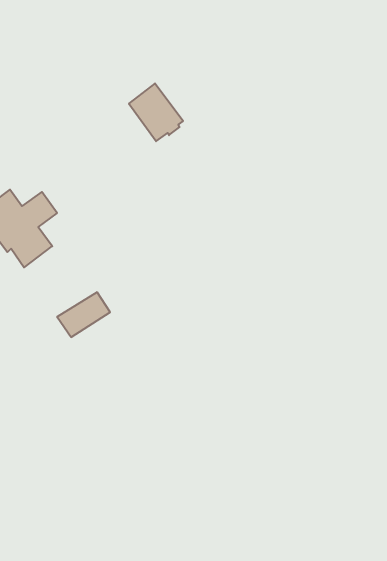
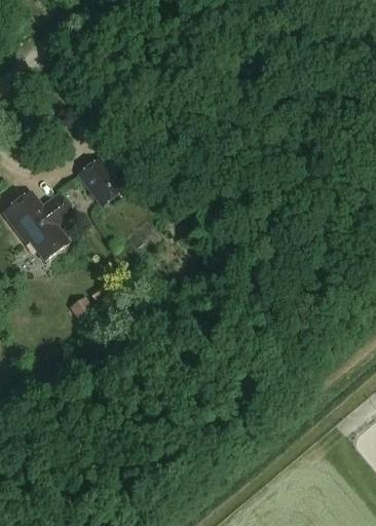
building: [129,83,183,141] -> [78,156,125,206]

